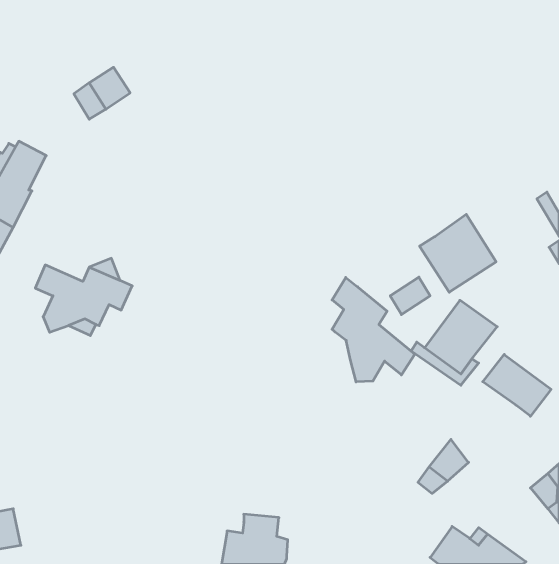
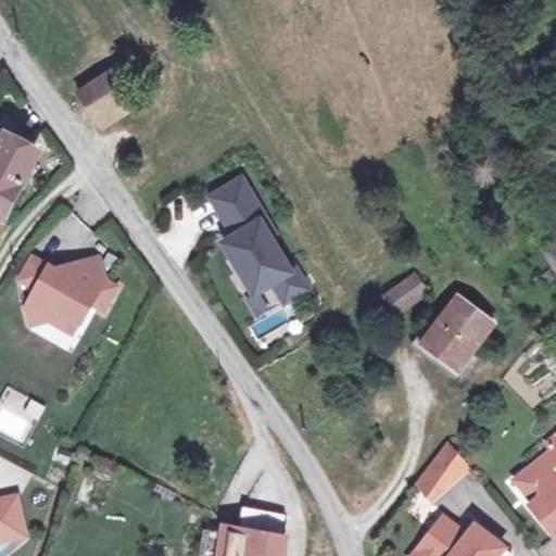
building: none -> [207,179,302,302]
building: [420,214,496,292] -> none
building: [332,277,415,382] -> none
building: [483,354,551,416] -> none

